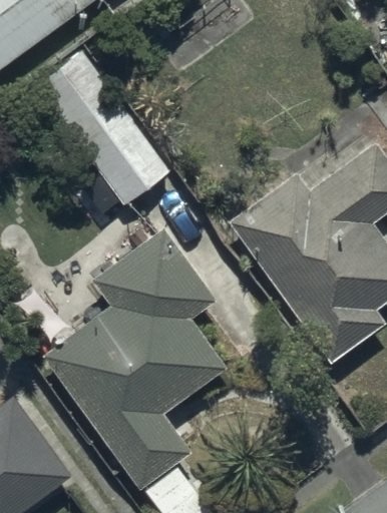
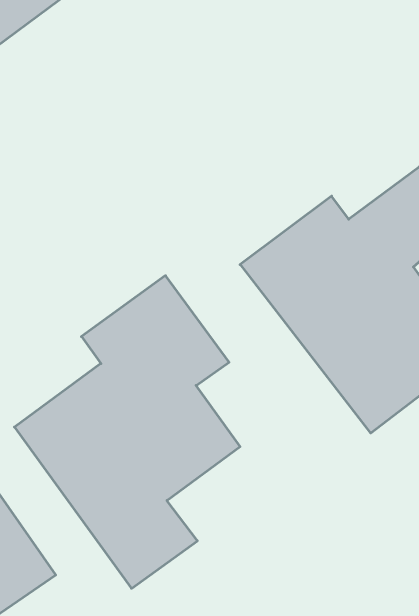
building: [36,54,170,205] -> none

